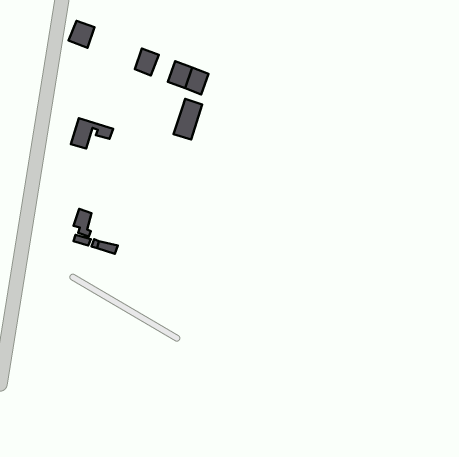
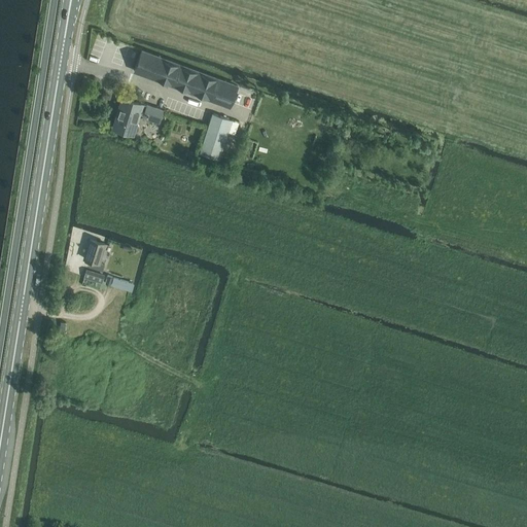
building: [69,21,95,48] -> [133,51,163,82]
building: none -> [173,66,201,97]
building: [71,118,113,149] -> [114,101,163,136]

